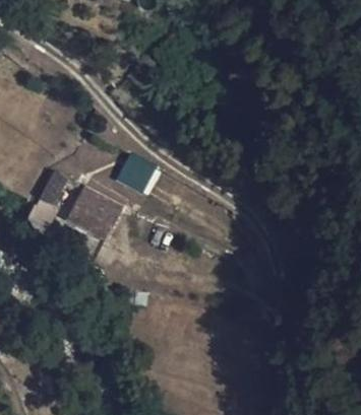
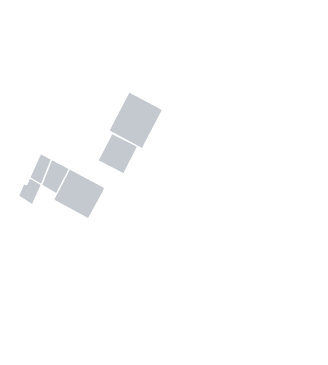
building: none -> [109,92,162,149]

